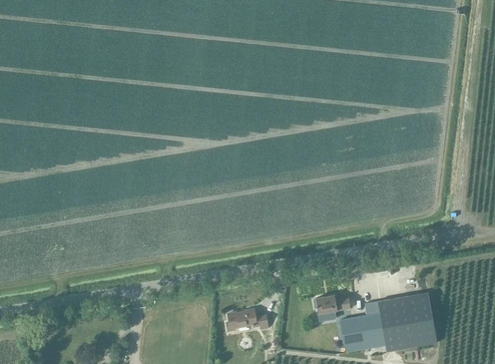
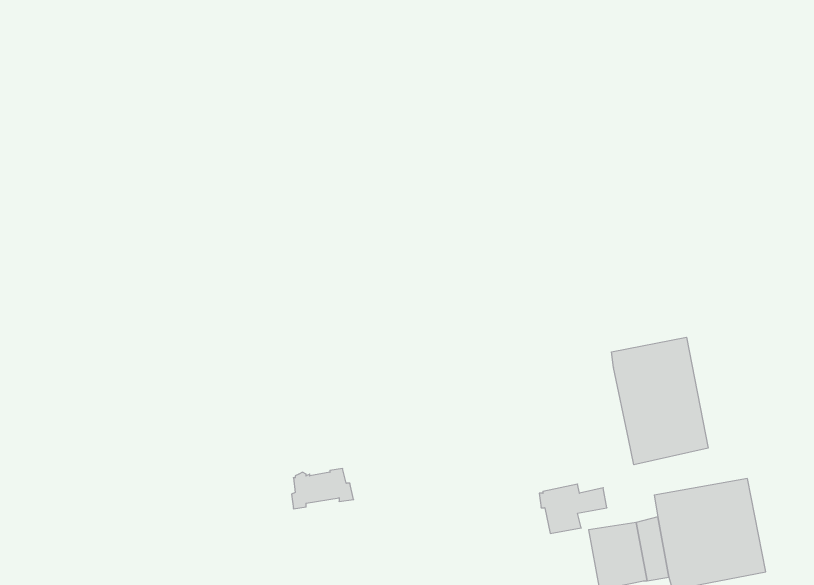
building: none -> [612,337,708,465]
building: [226,308,261,330] -> [292,469,354,509]

